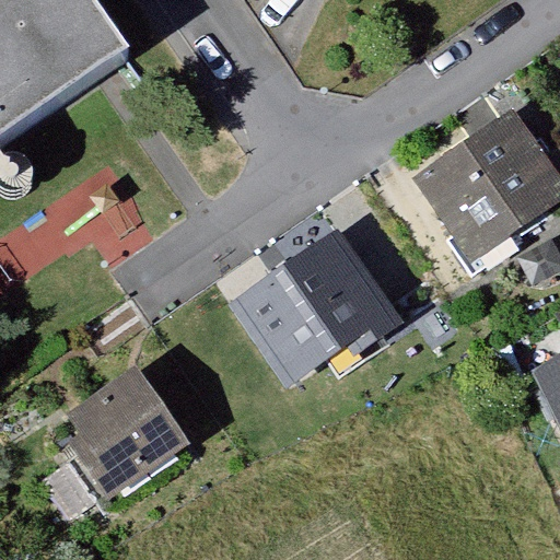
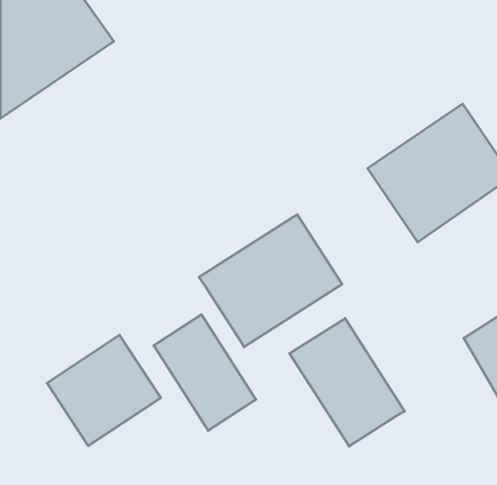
building: none -> [154,315,256,431]
building: none -> [290,318,405,446]

